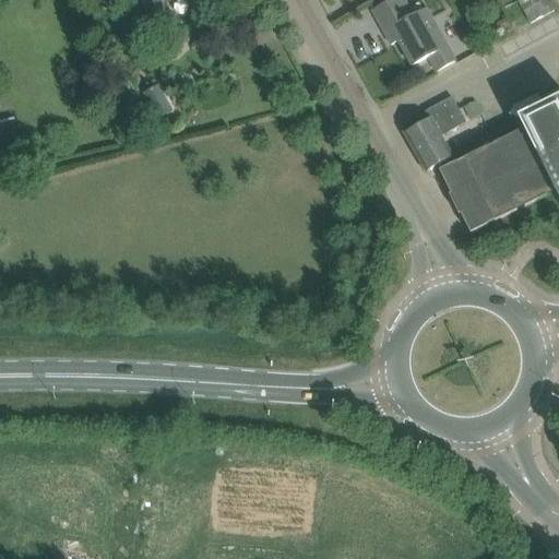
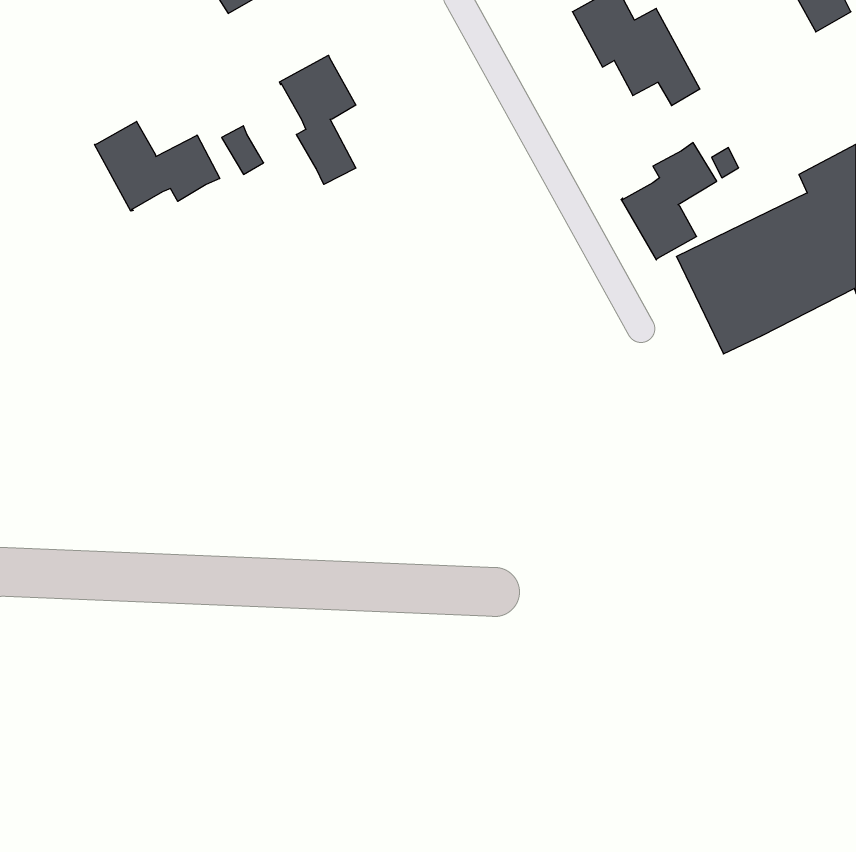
building: none -> [280,55,356,184]
building: none -> [95,121,220,211]

